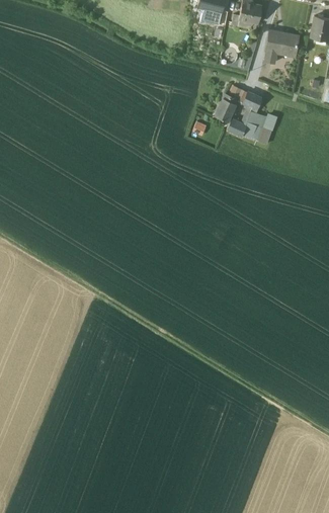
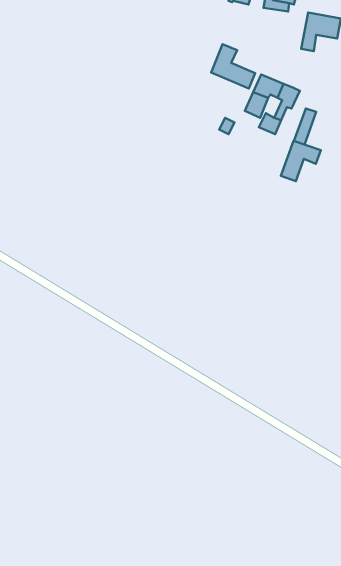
building: none -> [211,44,255,88]
building: none -> [281,141,321,181]

